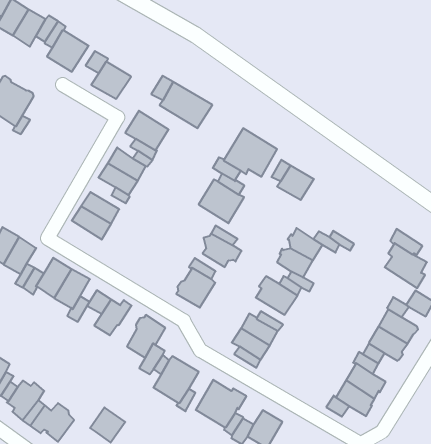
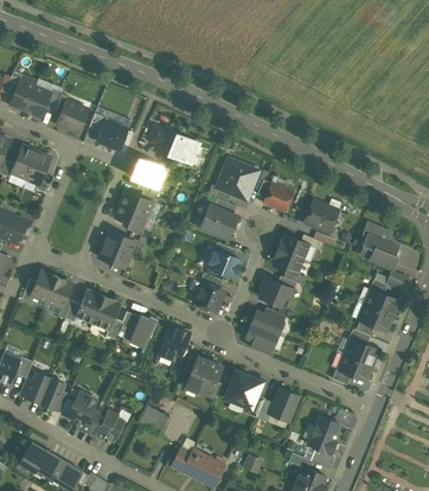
building: none -> [303,199,338,232]

